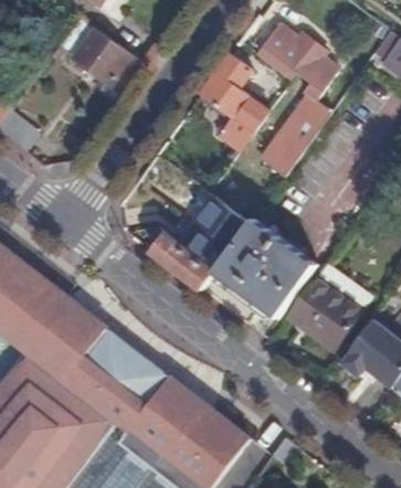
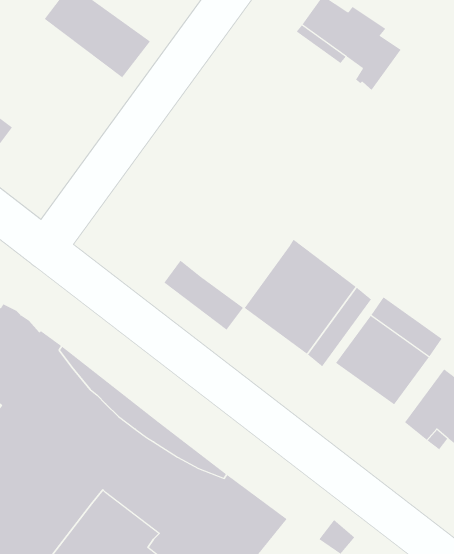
building: [202,54,268,148] -> none
building: [262,95,331,176] -> none
building: [182,200,251,272] -> none

